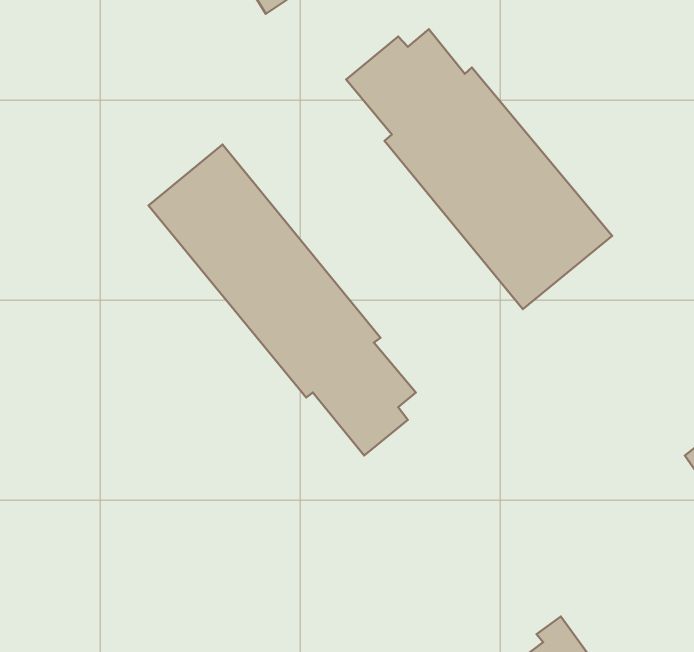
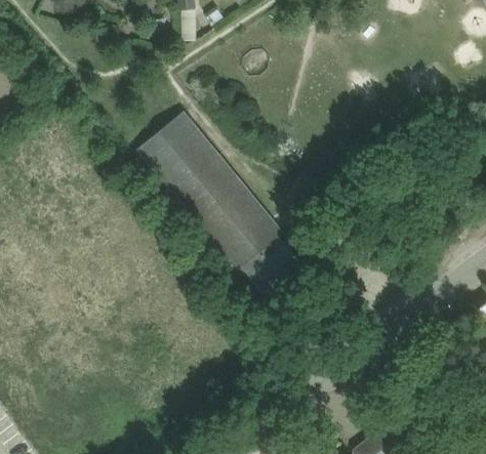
building: [346,29,612,309] -> none

